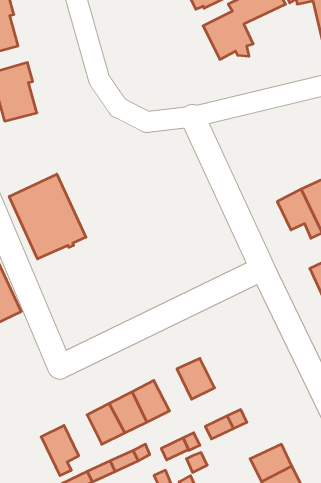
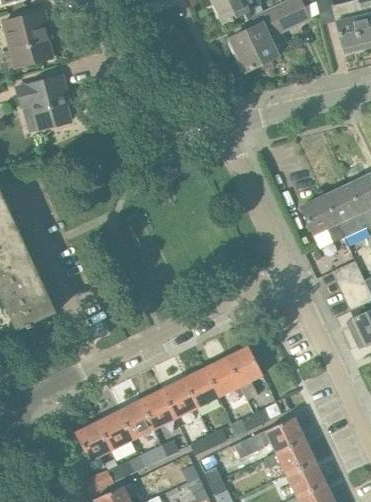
building: [9,174,86,259] -> none
building: none -> [227,346,263,400]
building: none -> [183,367,219,407]
building: none -> [97,411,133,450]
building: none -> [235,416,305,457]

